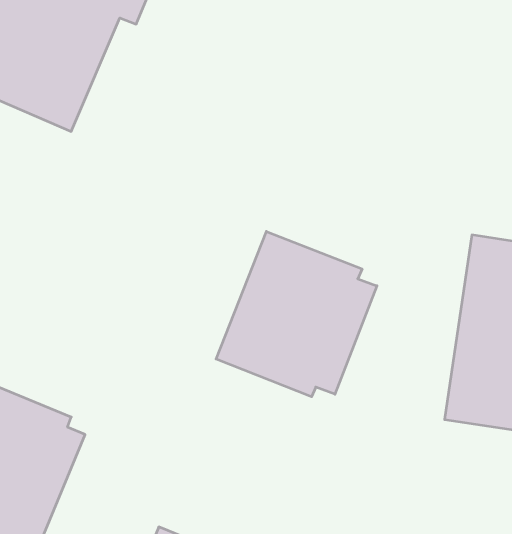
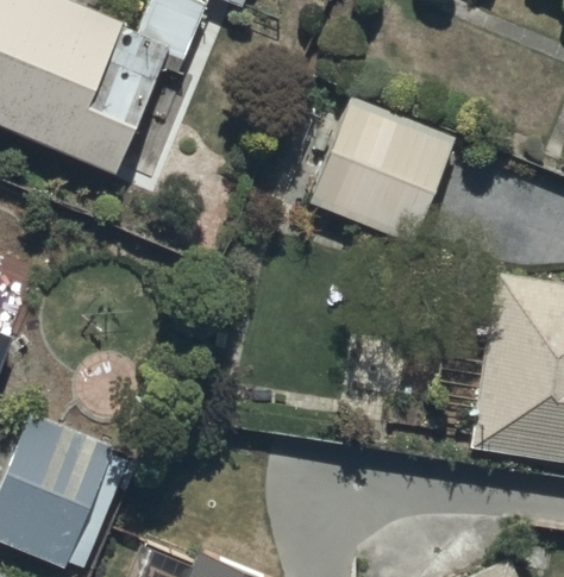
building: none -> [309,98,456,244]
building: [216,231,377,397] -> none

